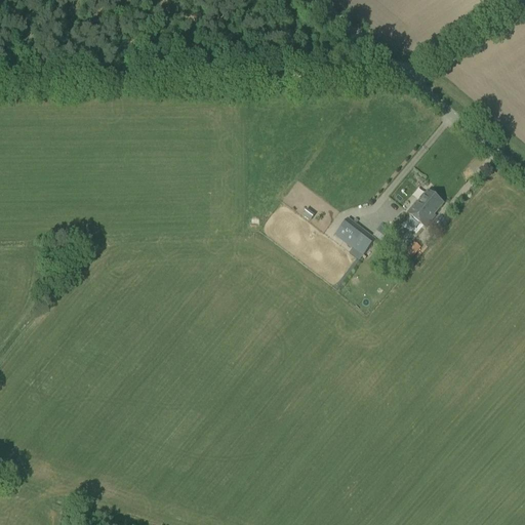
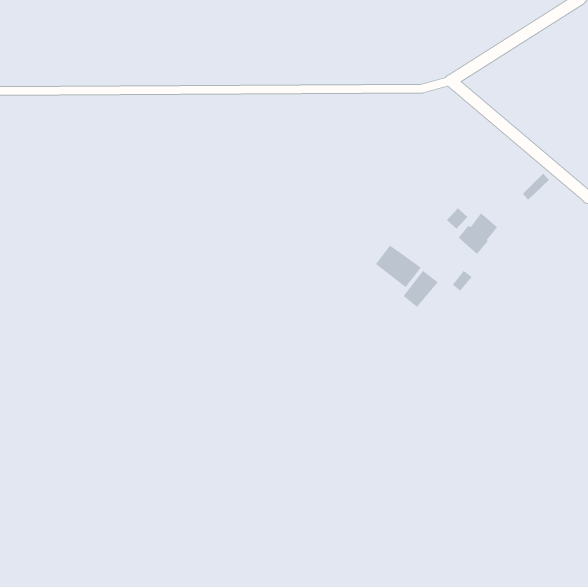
building: none -> [402,270,439,308]

